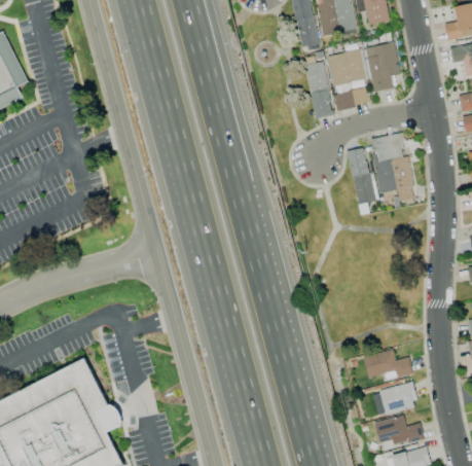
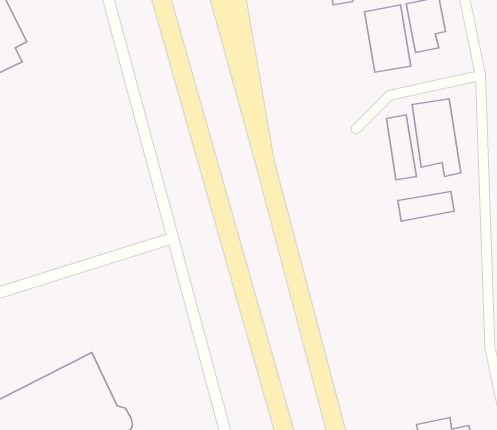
building: [305,62,332,118] -> none
building: none -> [398,191,454,221]
building: [363,349,412,381] -> none
building: [378,382,417,414] -> none

